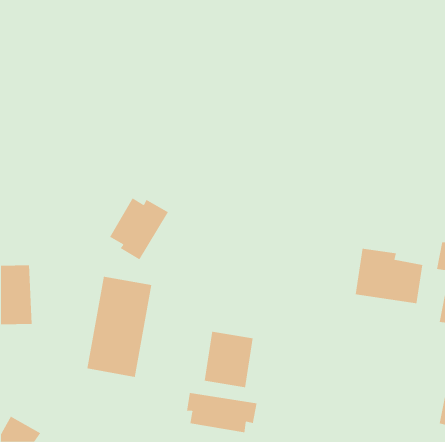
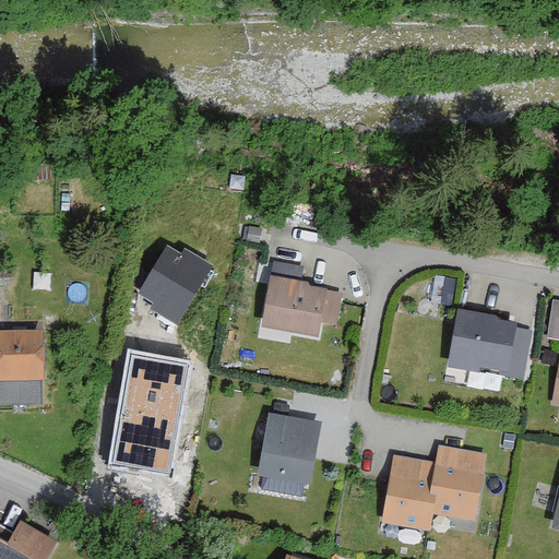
building: none -> [259,264,341,337]
building: none -> [379,444,485,528]
building: [187,392,257,433] -> none

